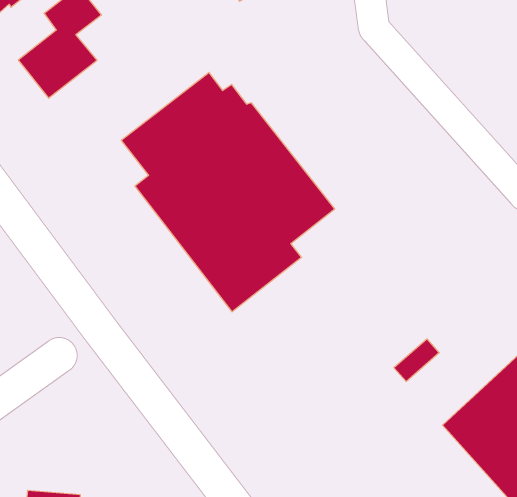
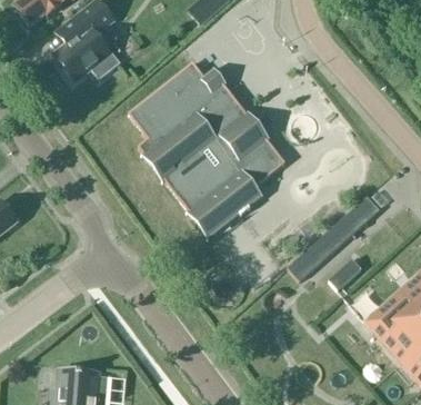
building: none -> [287,196,379,281]

